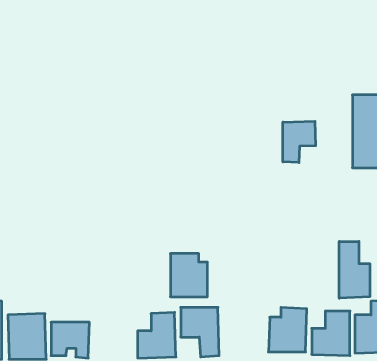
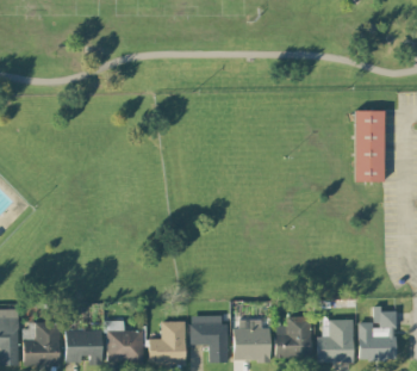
building: [283,121,316,163] -> none
building: [339,241,370,298] -> none
building: [170,254,207,297] -> [235,320,270,361]
building: none -> [107,321,144,361]

